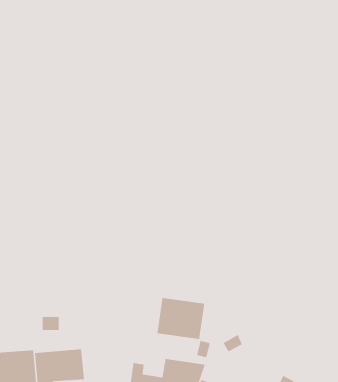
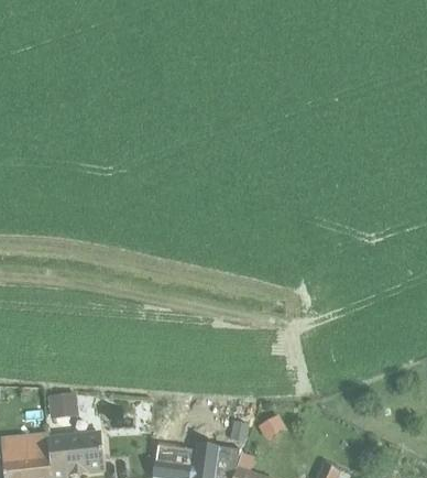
building: [156,297,205,340] -> none

